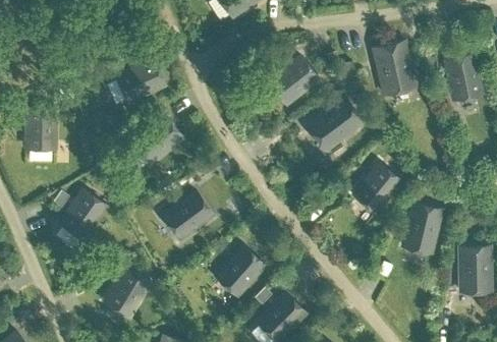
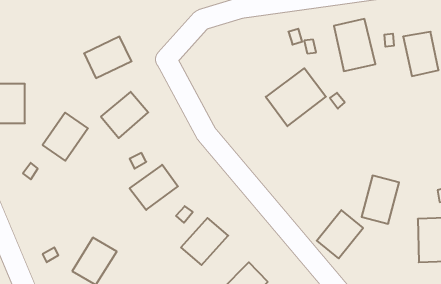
building: [269,58,319,106] -> none
building: [353,165,401,215] -> [317,210,363,258]
building: [59,190,106,240] -> [43,113,88,161]

